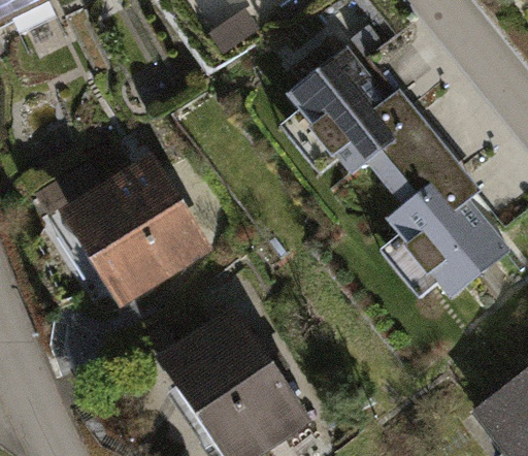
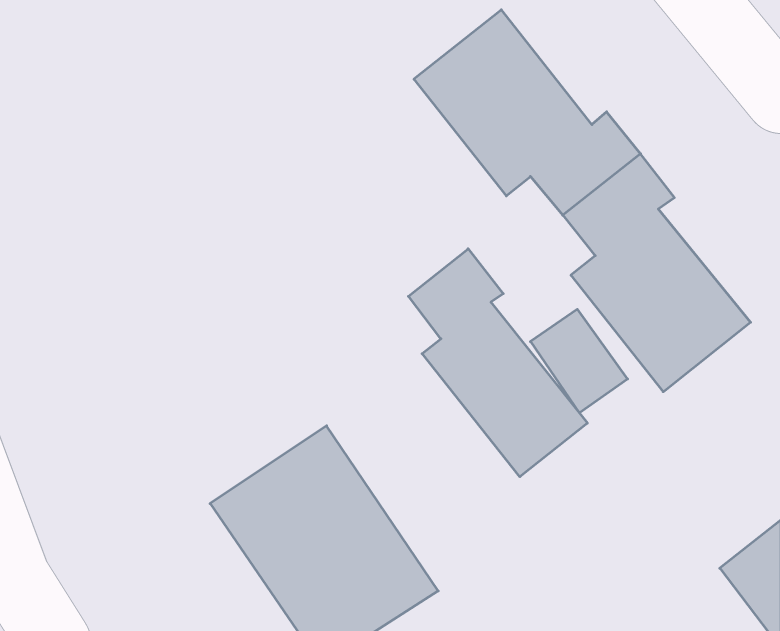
building: [78,167,205,296] -> none
building: none -> [408,249,587,477]

